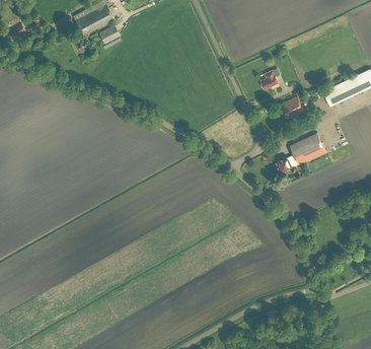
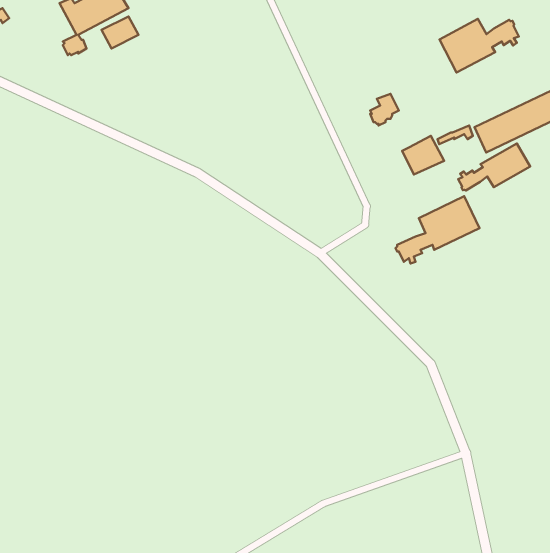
building: none -> [439,19,519,73]
building: none -> [458,143,530,190]

